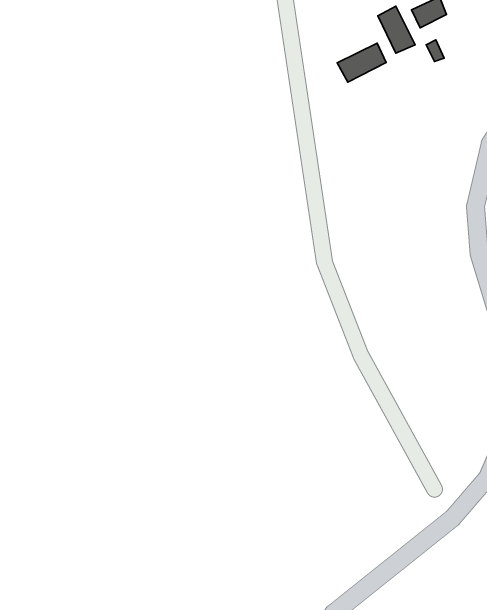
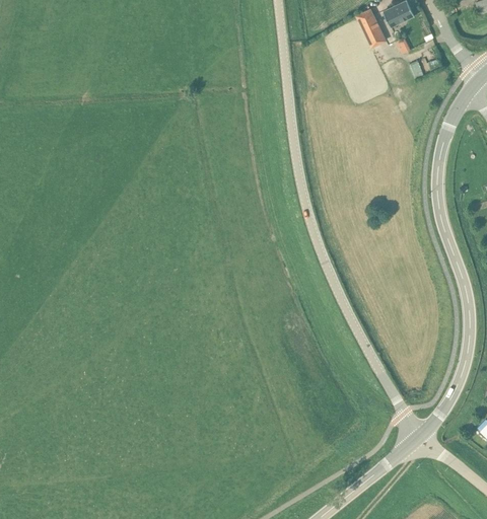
building: [337,43,386,82] -> none

